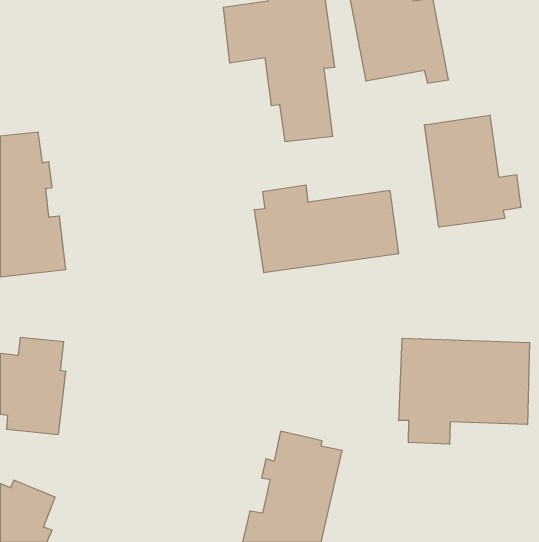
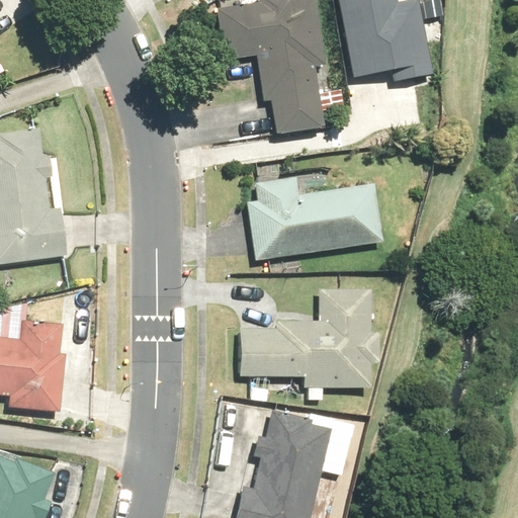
building: [424,115,521,227] -> none
building: none -> [238,285,379,388]
building: [399,338,530,444] -> none

